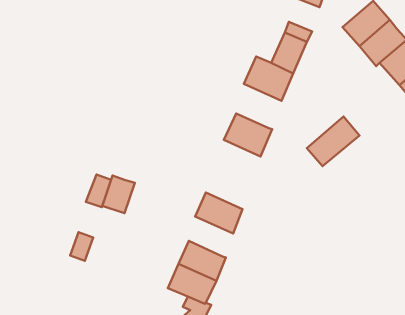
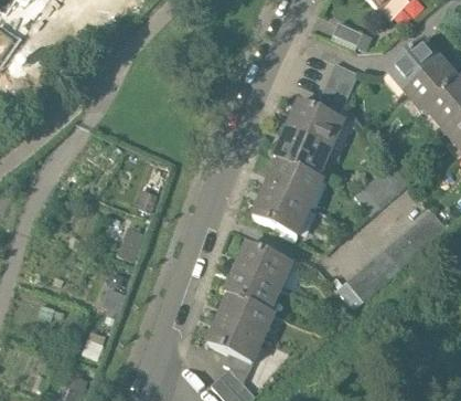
building: none -> [275,126,328,172]
building: none -> [255,184,305,230]
building: none -> [337,207,449,307]
building: [102,175,135,213] -> none
building: none -> [226,265,277,307]

